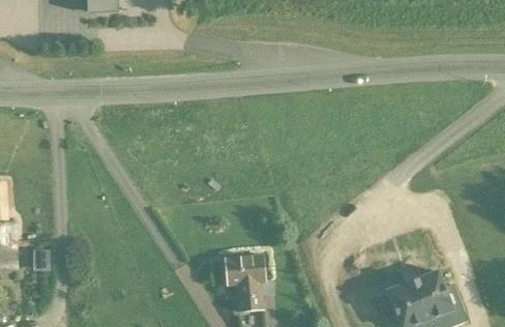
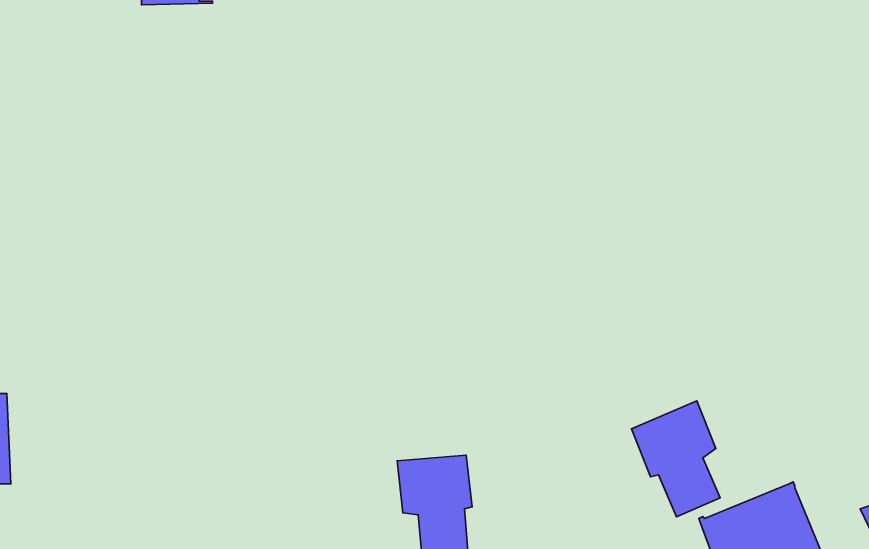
building: none -> [631,401,720,517]

